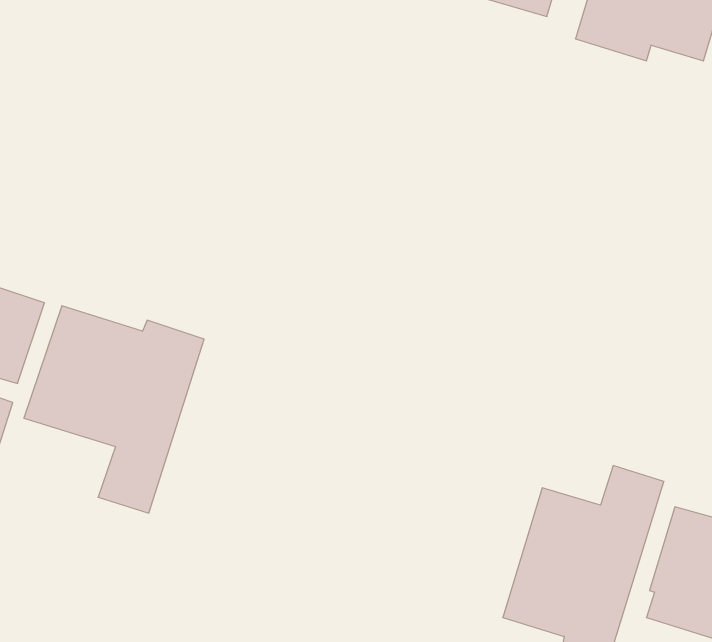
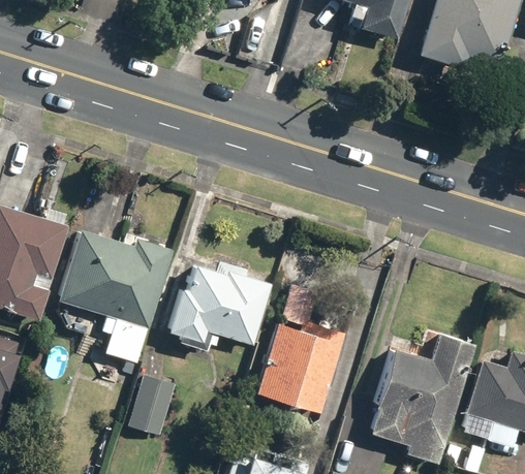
building: none -> [167,264,272,350]
building: none -> [255,282,345,412]
building: none -> [128,374,175,435]

